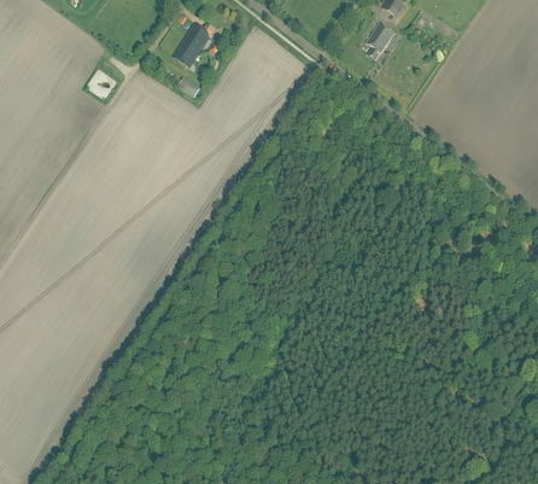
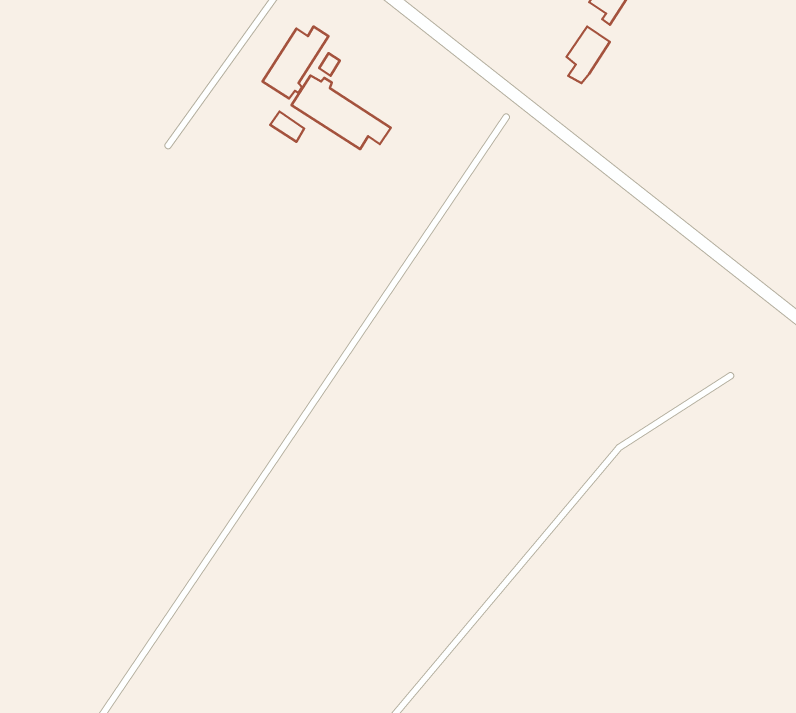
building: none -> [292,75,391,149]

